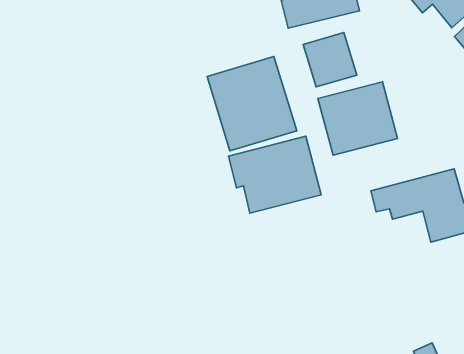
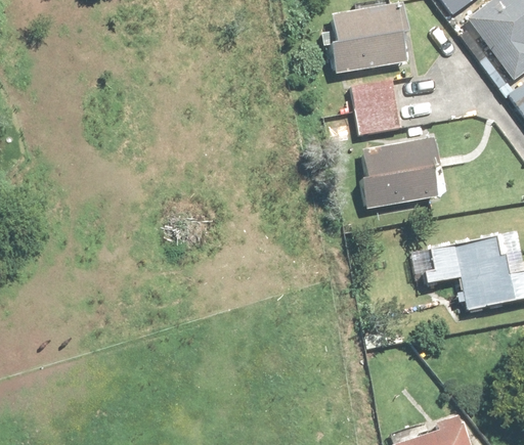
building: [207,57,297,151] -> none
building: [229,136,321,213] -> none

